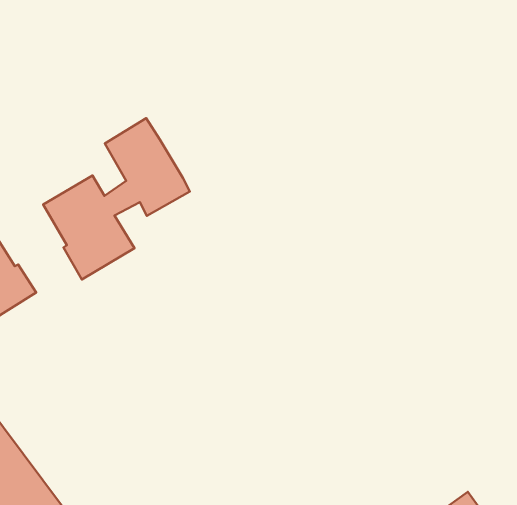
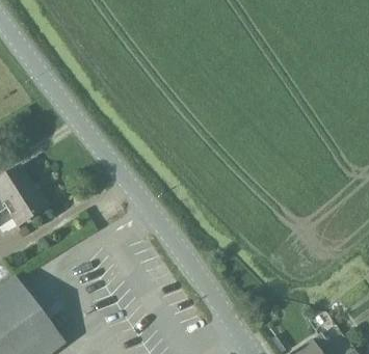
building: [43,118,190,279] -> none

